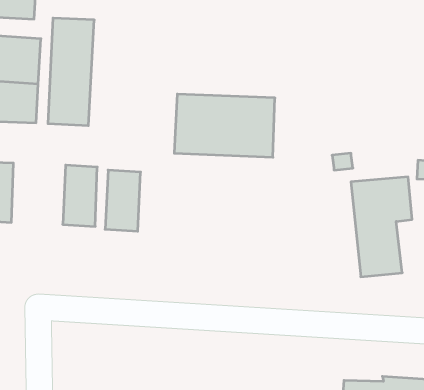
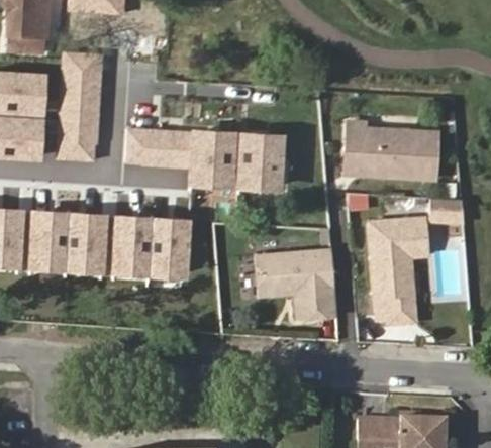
building: none -> [342,120,434,179]
building: none -> [123,128,189,171]
building: none -> [32,201,69,263]
building: none -> [155,211,190,272]
building: none -> [251,248,332,321]

